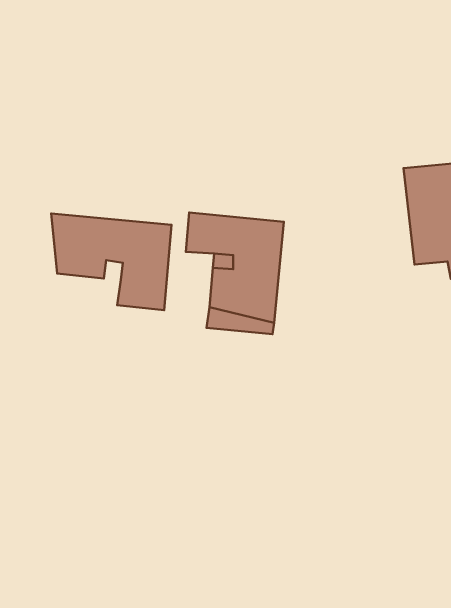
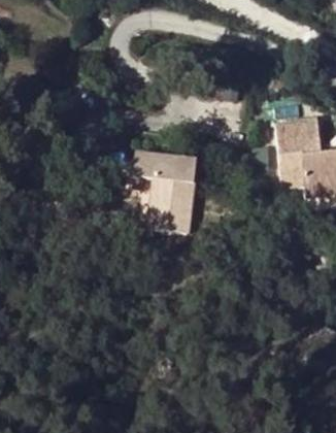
building: [51,214,171,310] -> none

